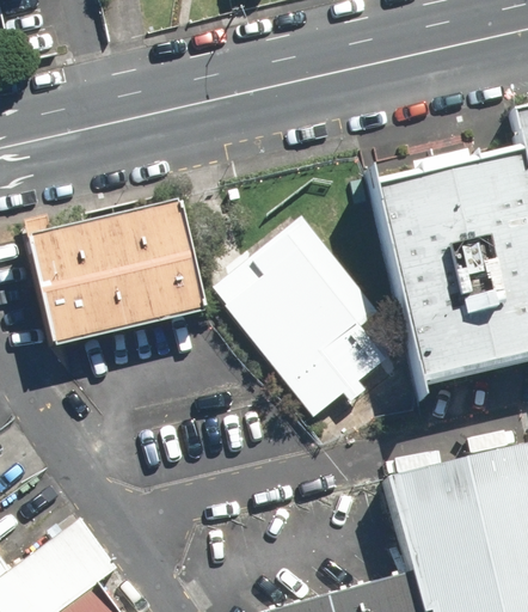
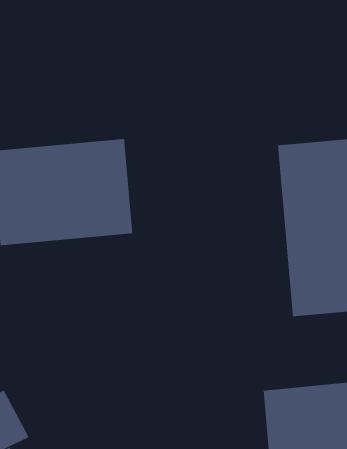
building: [216,234,389,418] -> none

